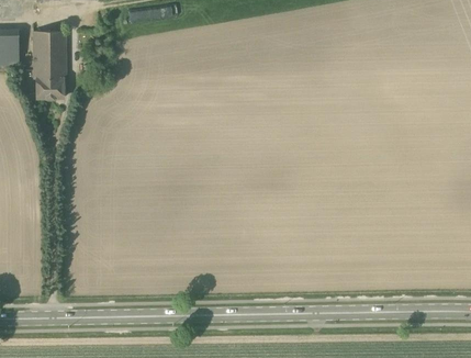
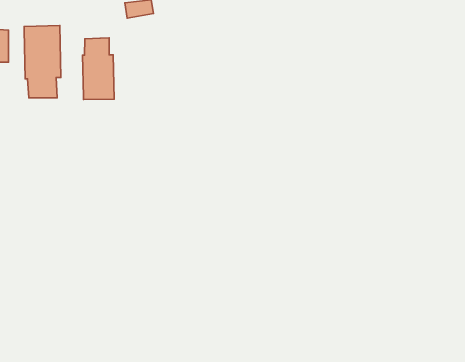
building: none -> [83,38,114,100]

